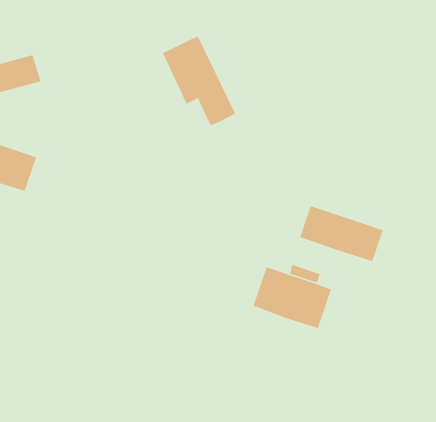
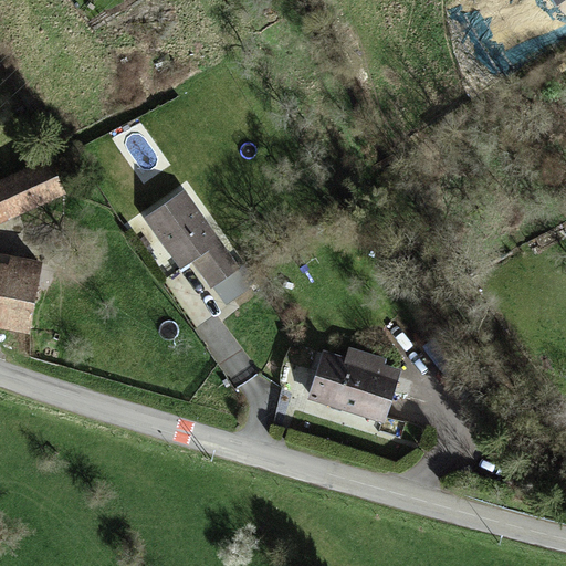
building: [162,35,236,127] -> [143,195,231,289]
building: [299,205,384,262] -> none

